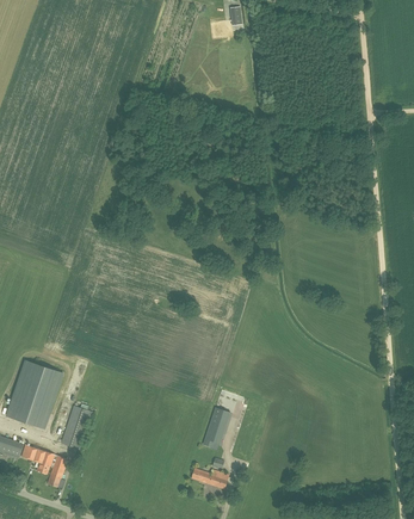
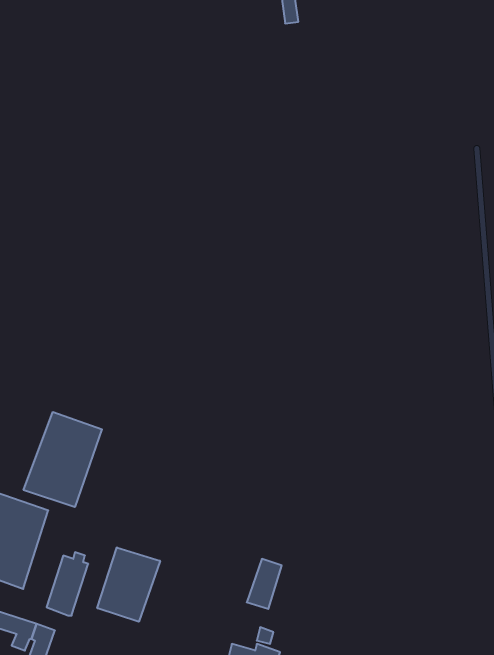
building: none -> [24,412,102,507]
building: none -> [97,547,160,622]

